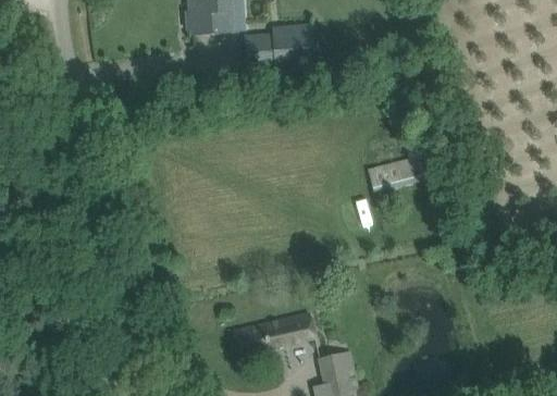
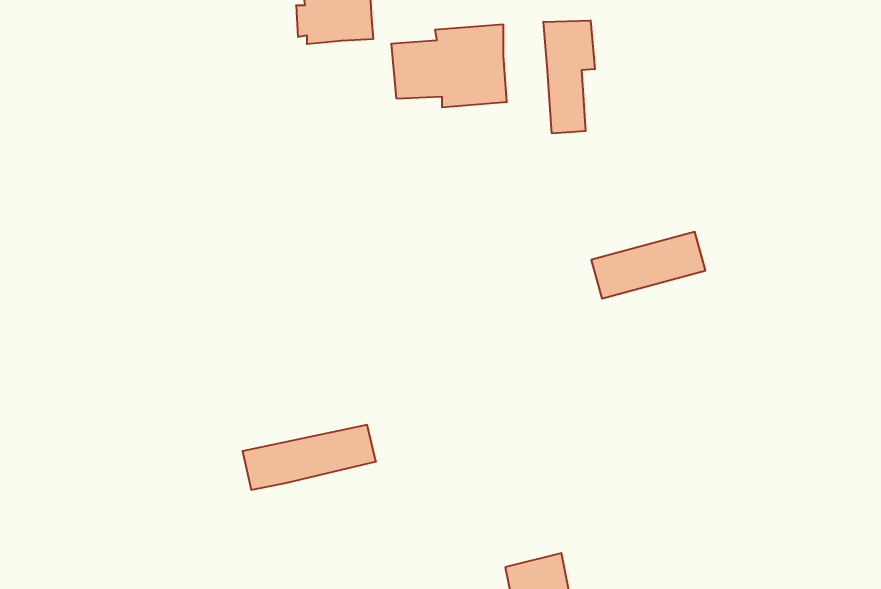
building: none -> [543,20,595,133]
building: [233,314,315,355] -> [242,425,376,490]

